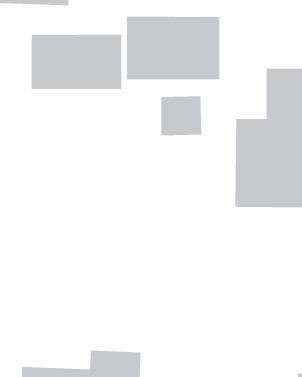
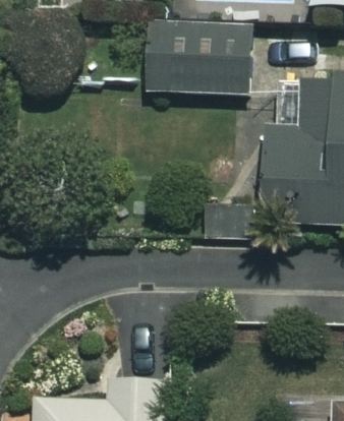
building: [31,34,122,90] -> none

